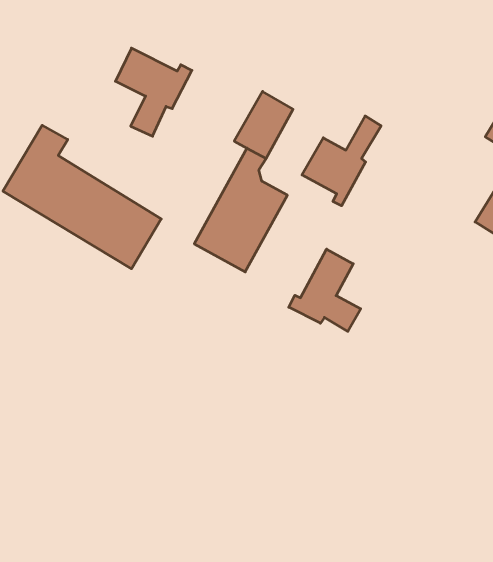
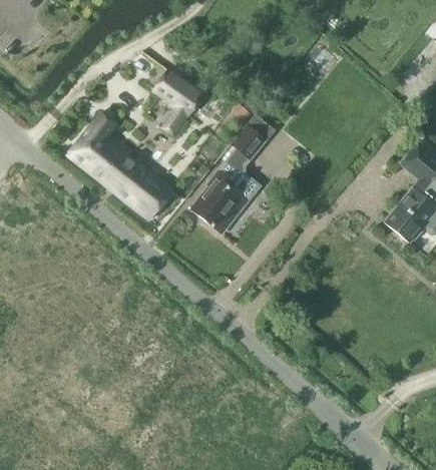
building: [302,116,381,206] -> none
building: [289,249,361,331] -> none

